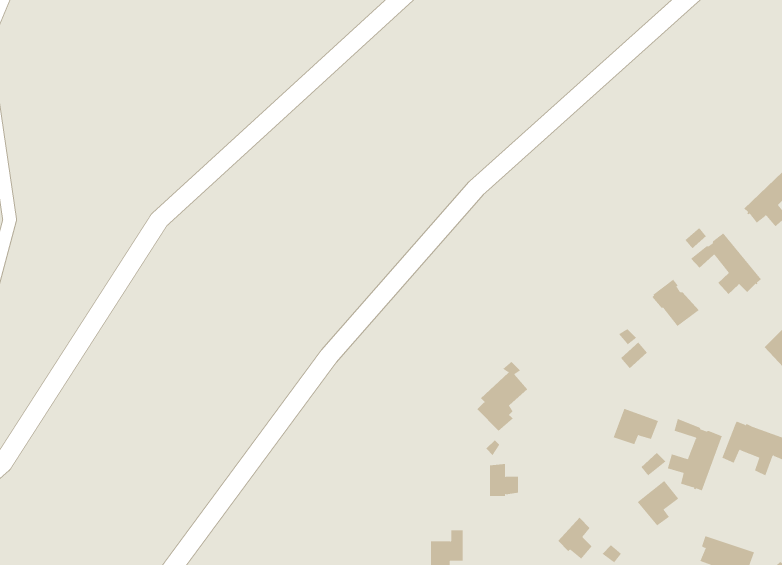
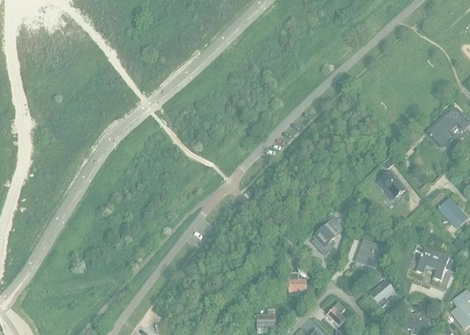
building: [690,232,762,295] -> none
building: [477,361,528,431] -> [312,215,340,254]
building: [667,418,723,491] -> none

